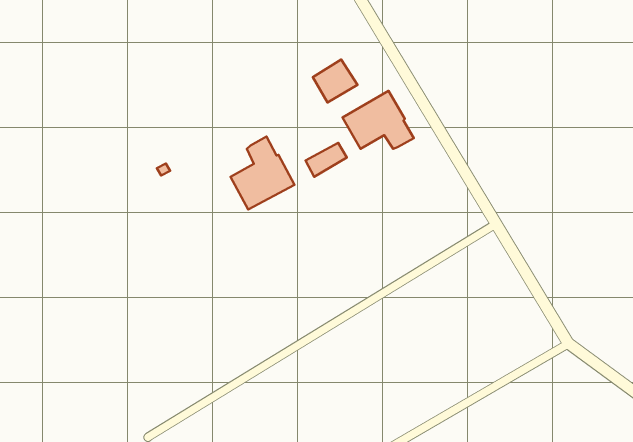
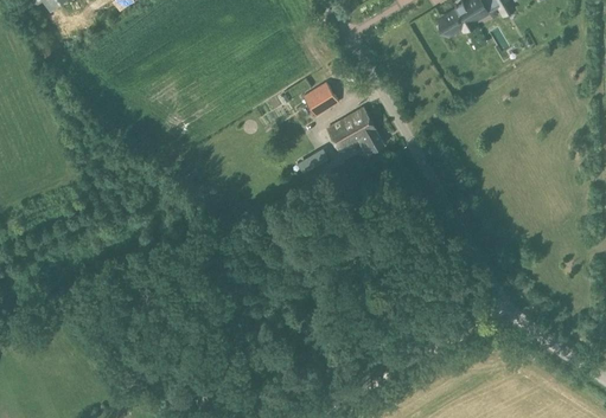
building: [230,136,295,210] -> none

